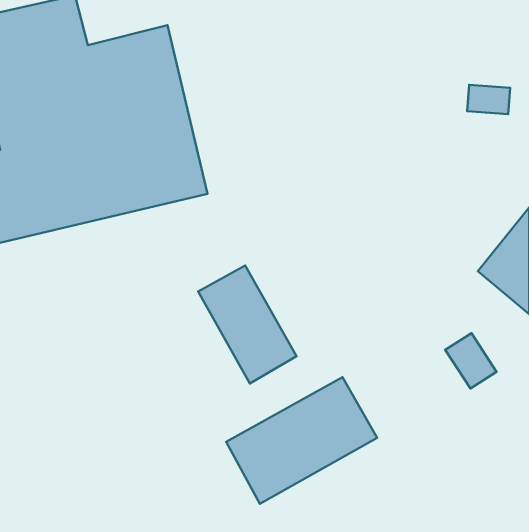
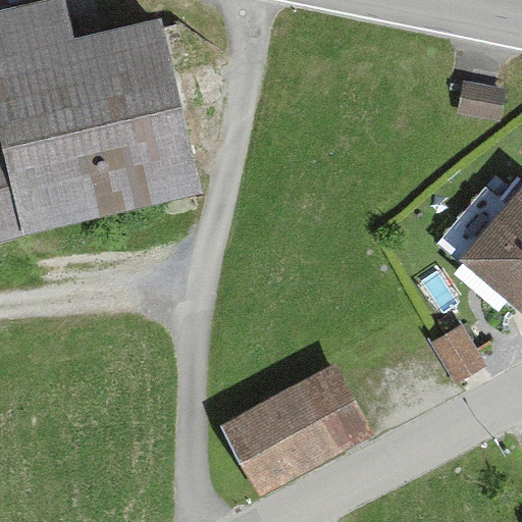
building: [198,265,297,383] -> none

